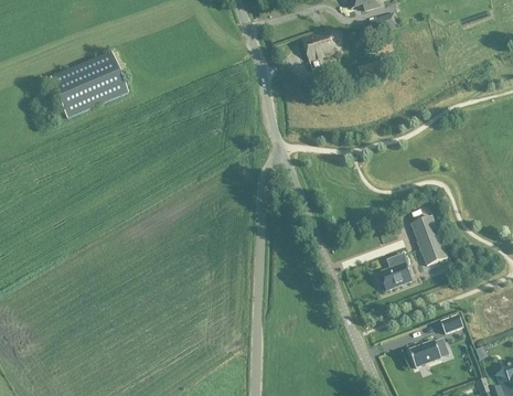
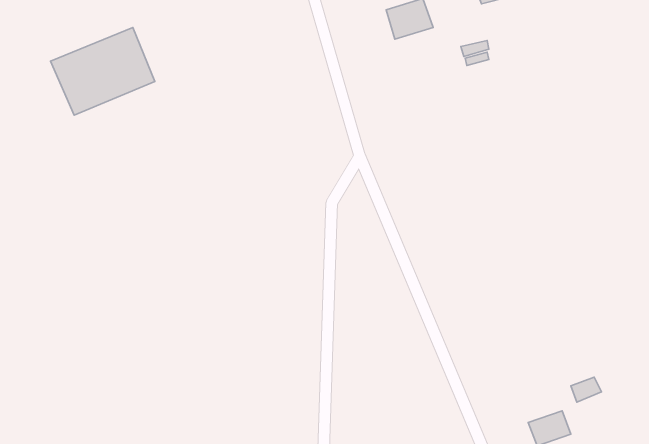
building: [409,216,446,266] -> none
building: [378,254,410,290] -> none

